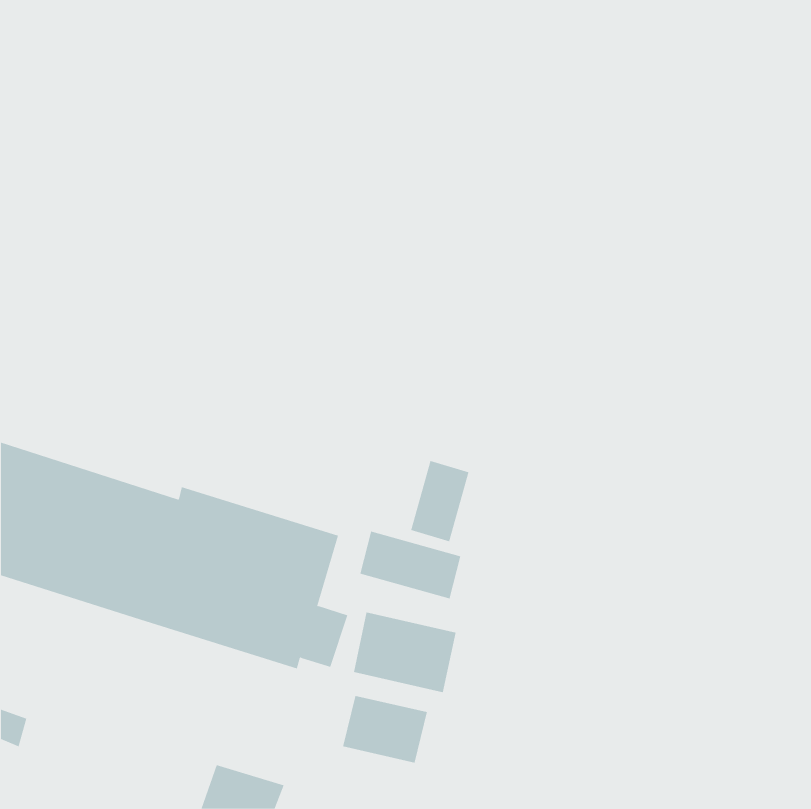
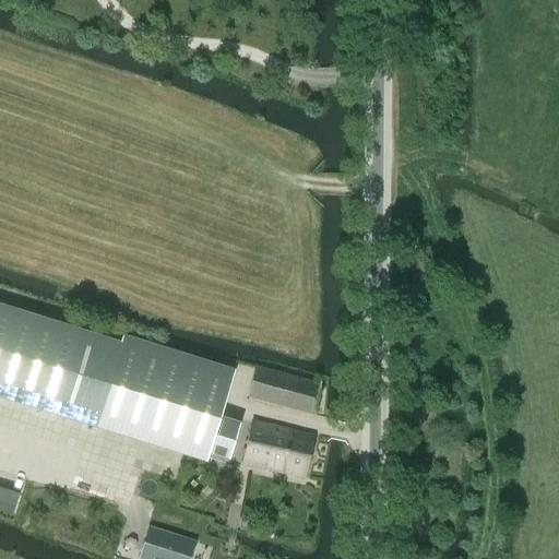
building: [410,460,469,542] -> none
building: [342,695,427,763] -> none

